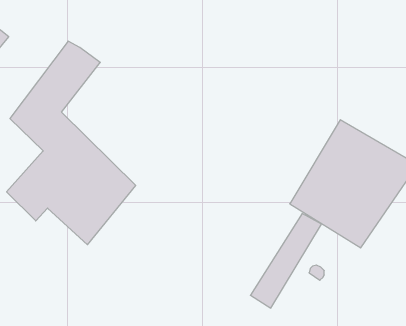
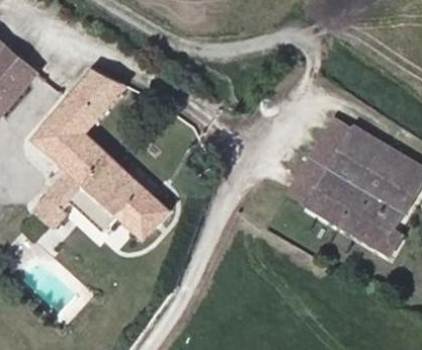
building: [250,213,321,308] -> [285,125,352,214]

